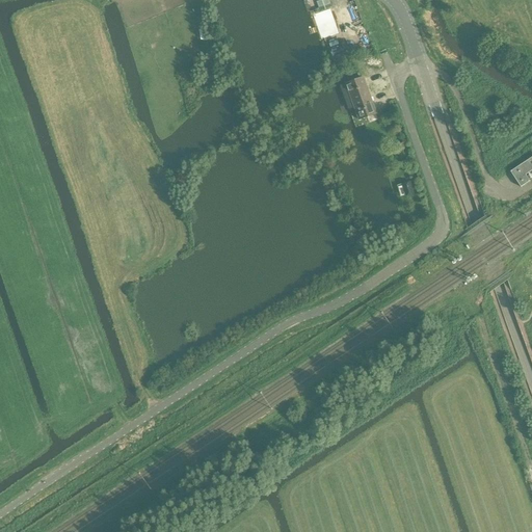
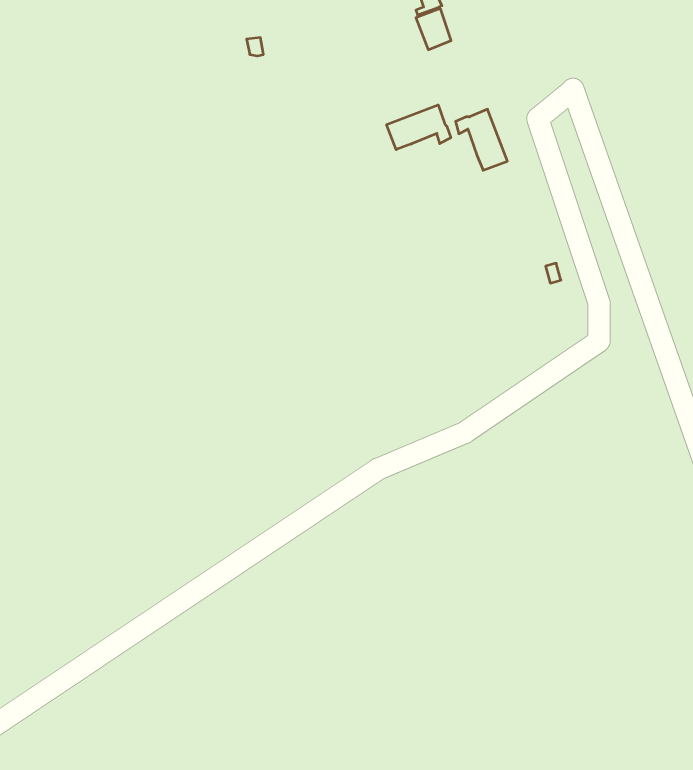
building: none -> [387,105,451,150]

